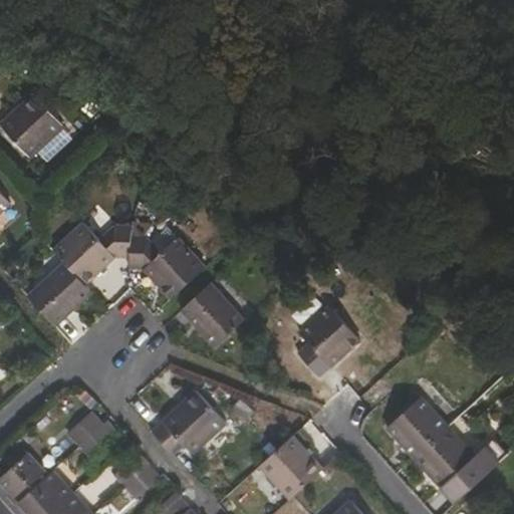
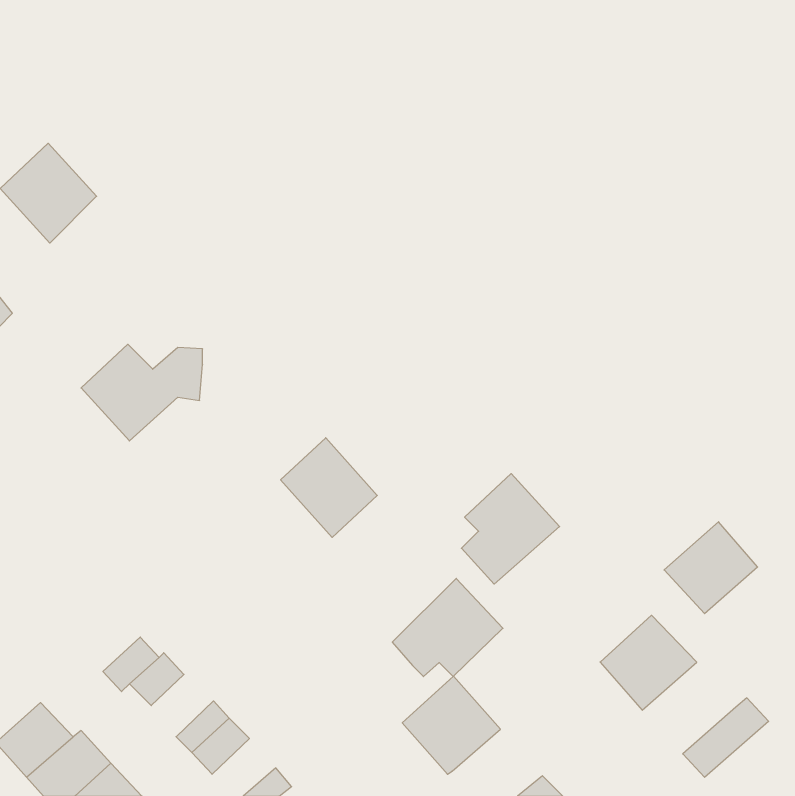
building: [128,235,205,297] -> none
building: [28,262,91,326] -> none
building: [153,391,224,454] -> [392,578,503,677]
building: [414,427,474,486] -> [664,522,758,614]

